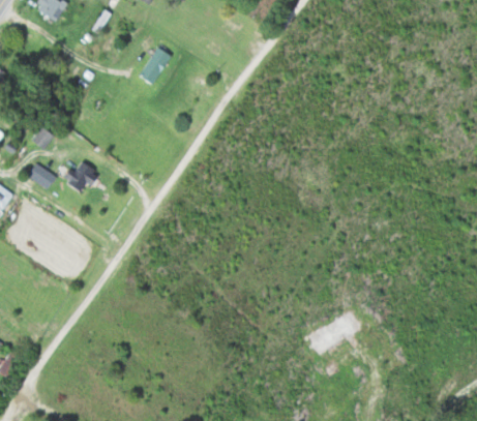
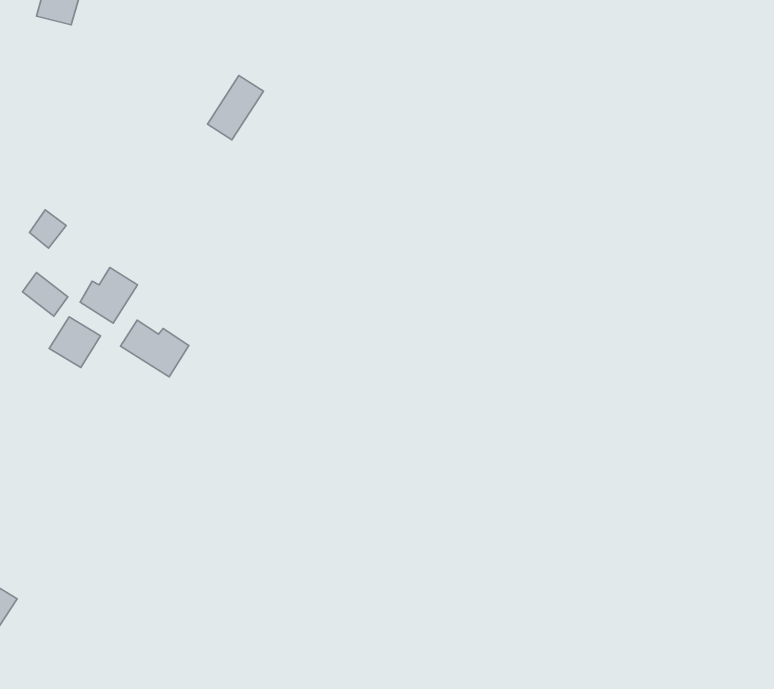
building: none -> [49,317,101,367]
building: none -> [120,320,189,377]

